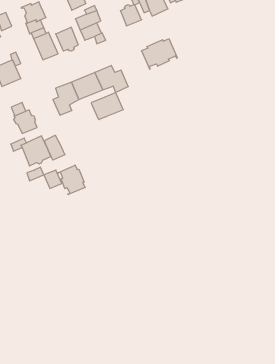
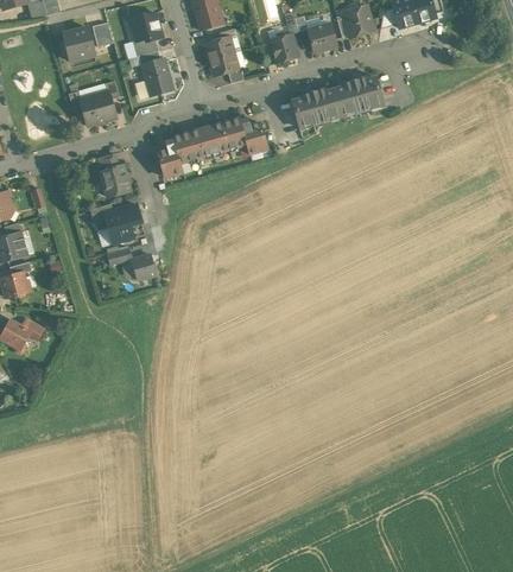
building: none -> [334,77,384,117]
building: [56,27,78,51] -> none
building: [91,92,123,120] -> none
building: [45,135,65,160] -> none
building: [58,165,85,195] -> none

